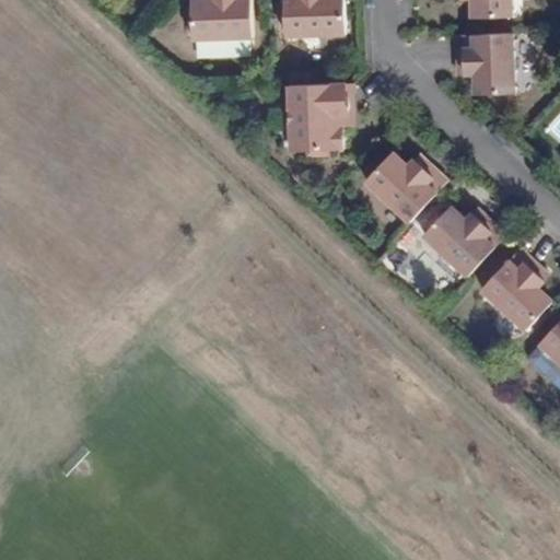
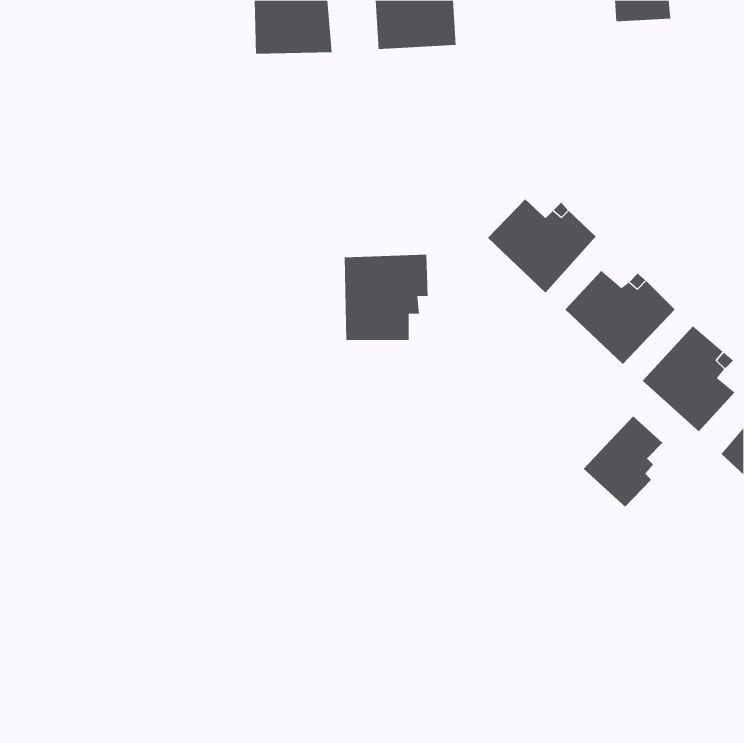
building: [452,34,511,94] -> none
building: [287,86,350,151] -> [344,254,429,340]
building: none -> [583,415,663,508]

